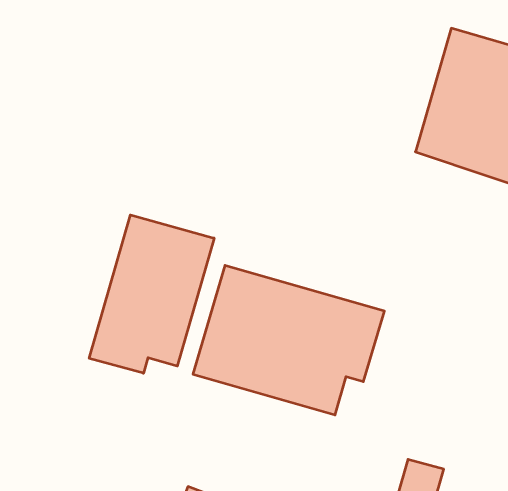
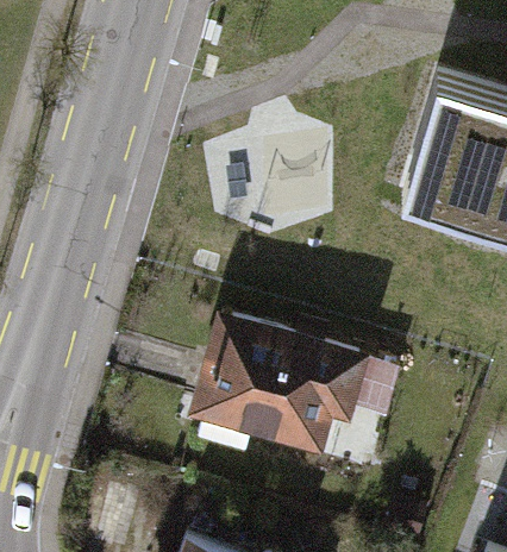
building: [89,215,214,373] -> none

